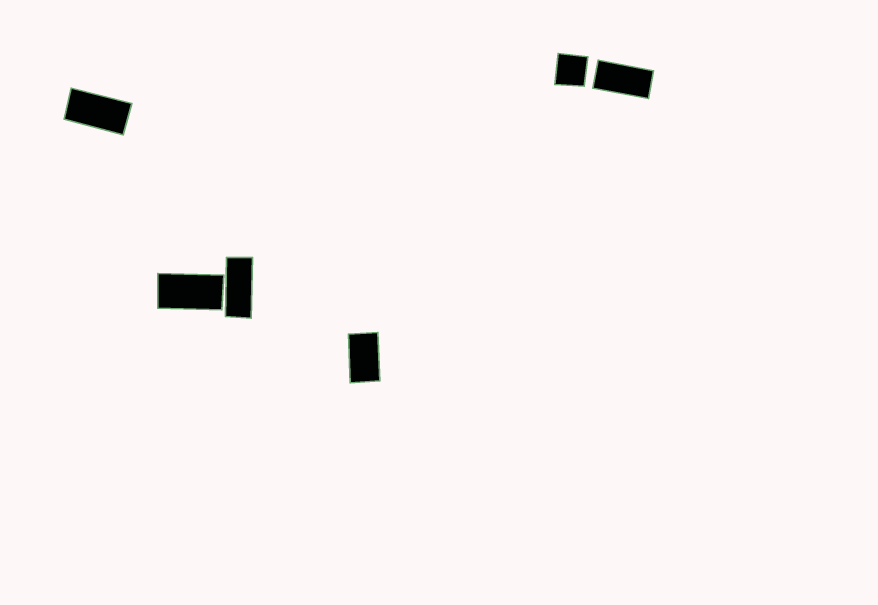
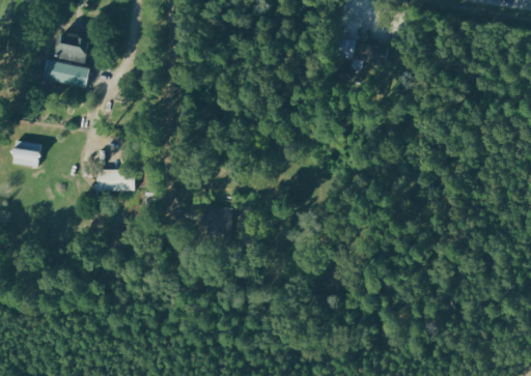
building: none -> [53,36,86,62]
building: none -> [12,142,44,167]
building: [225,258,253,318] -> none

